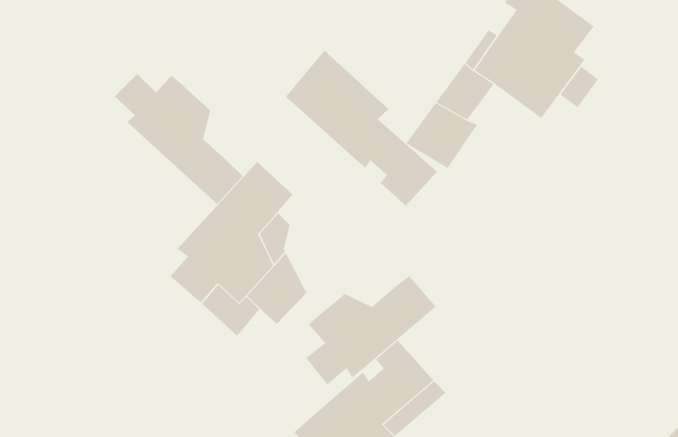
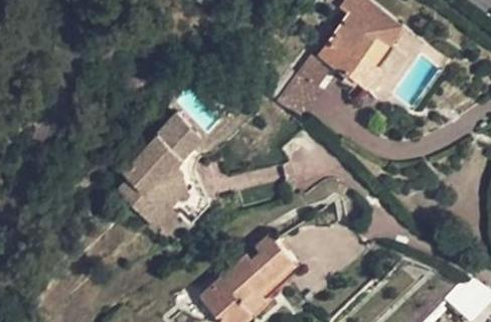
building: [285,50,438,207] -> none
building: [114,73,243,205] -> none
building: [305,275,436,385] -> none

